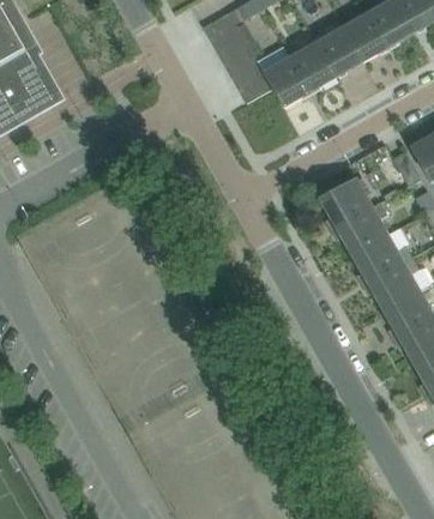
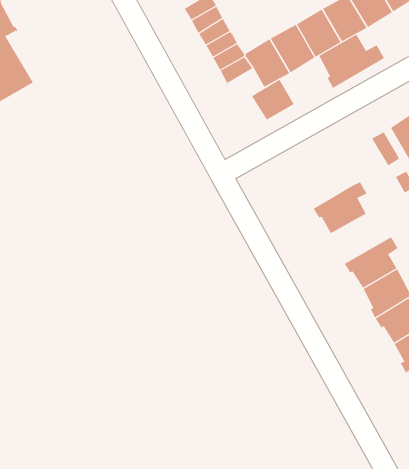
building: none -> [319,34,385,89]
building: none -> [251,79,295,121]
building: [320,179,372,229] -> none
building: [351,234,412,284] -> none

